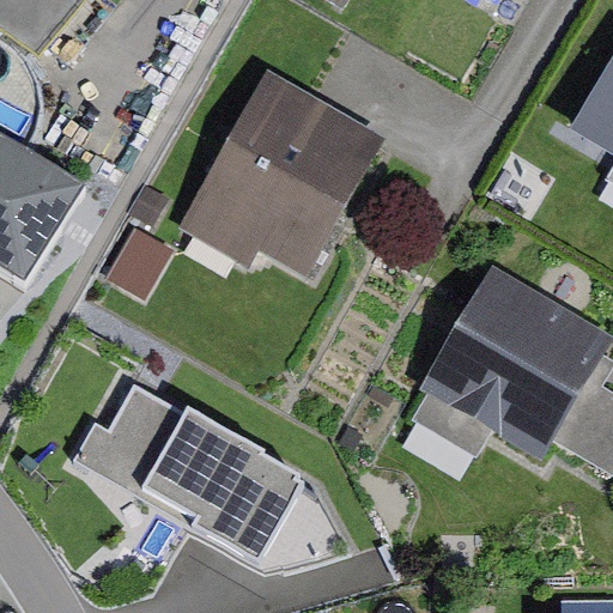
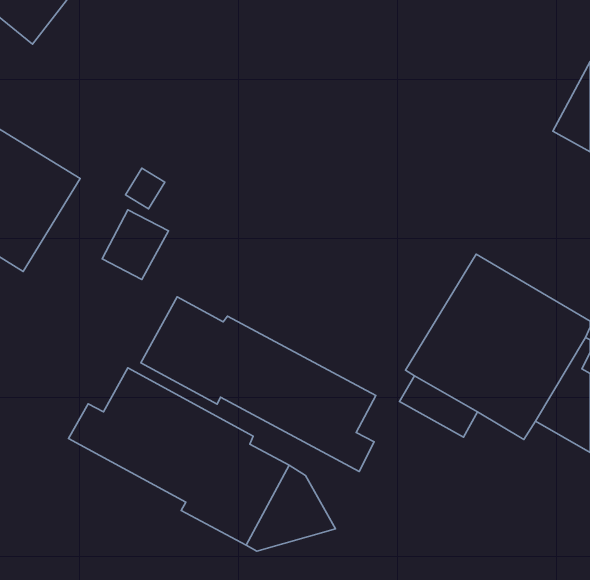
building: [193,85,393,284] -> none
building: none -> [141,297,376,472]

